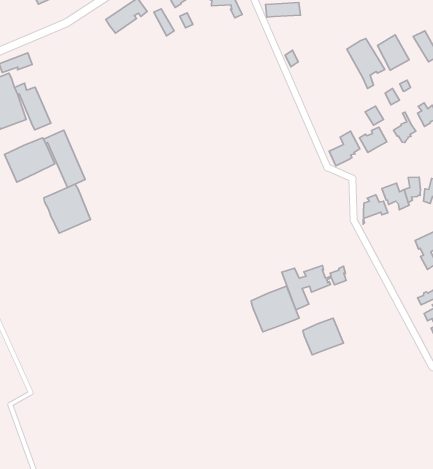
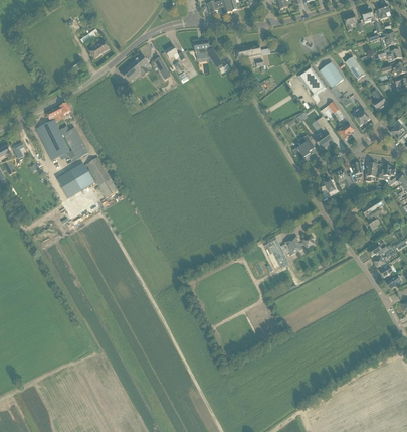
building: [44,184,91,233] -> none
building: [251,286,299,332] -> none
building: [303,318,343,355] -> none

